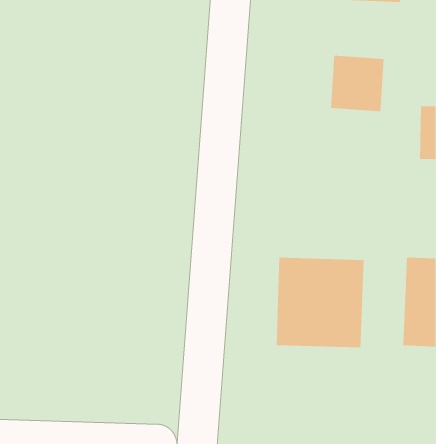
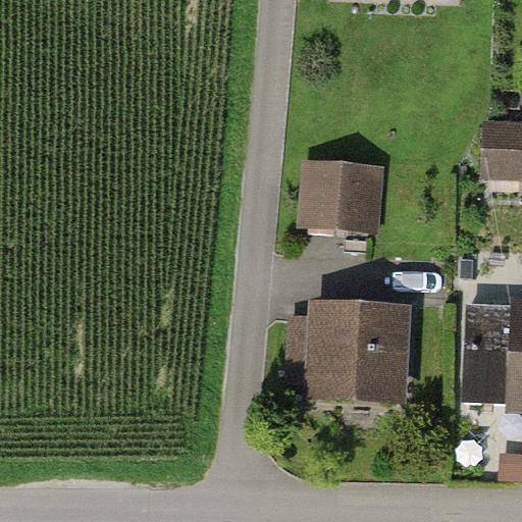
building: [330,55,385,112] -> [319,166,382,231]

